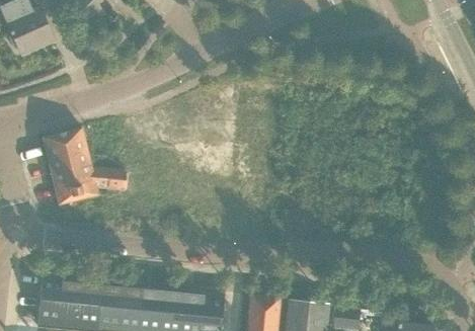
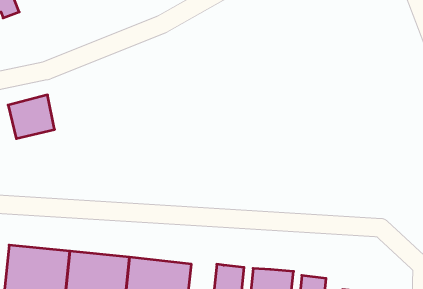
building: [51,161,126,203] -> none

